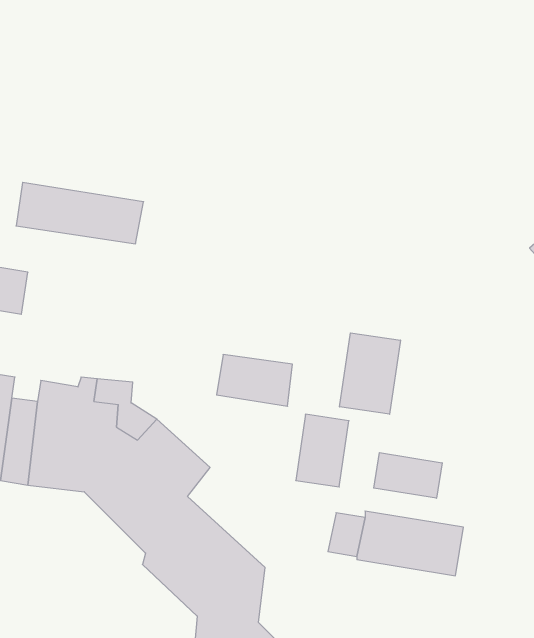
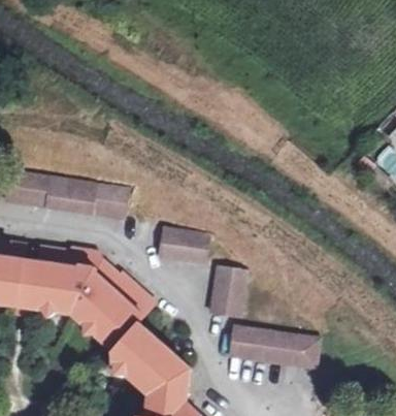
building: [16,182,144,244] -> [45,178,127,217]
building: [340,333,400,414] -> none
building: [374,453,442,498] -> none

